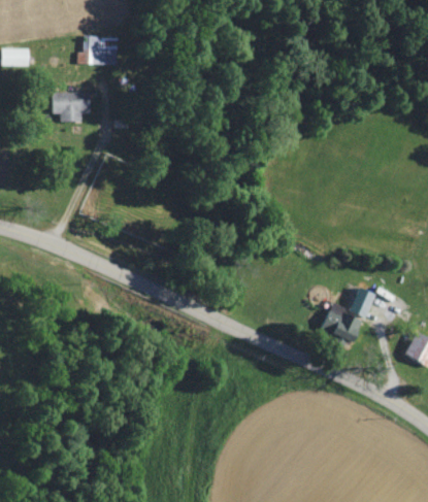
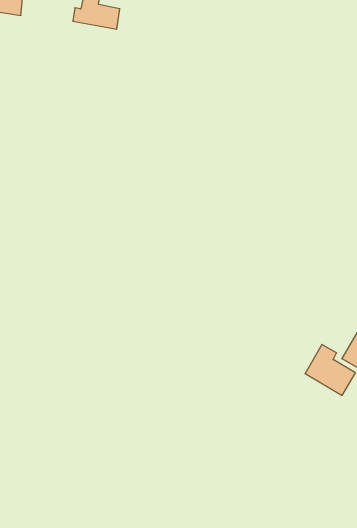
building: [52,92,89,121] -> none

